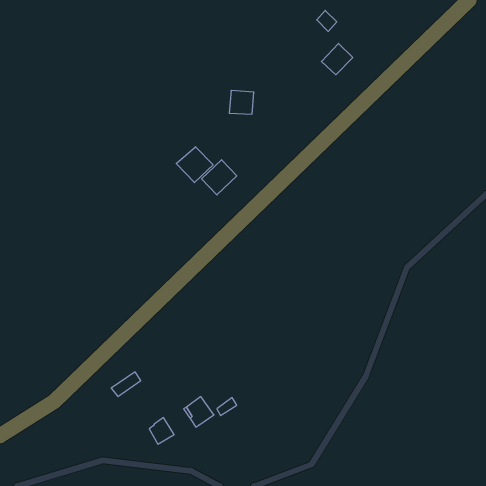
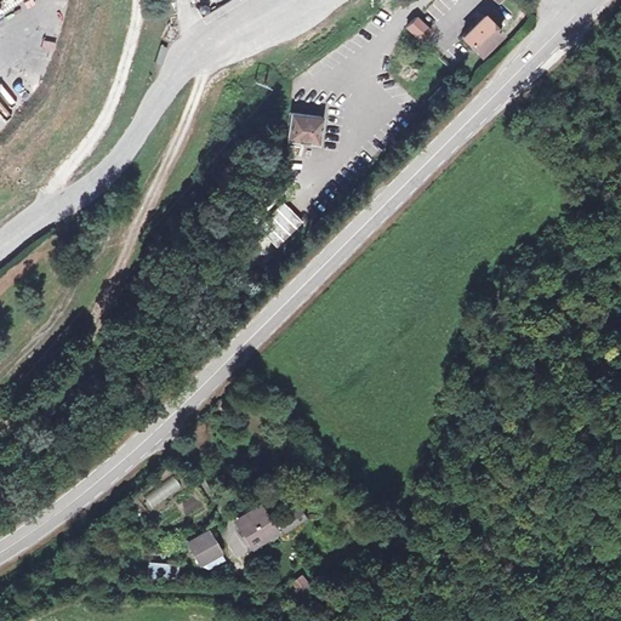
building: [321,43,353,75] -> [466,18,506,58]
building: [176,147,213,183] -> none

